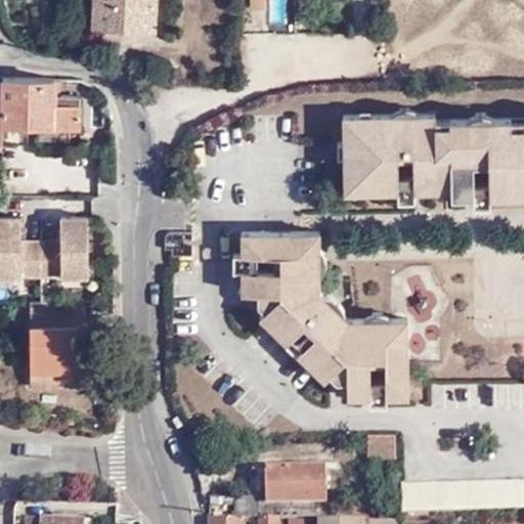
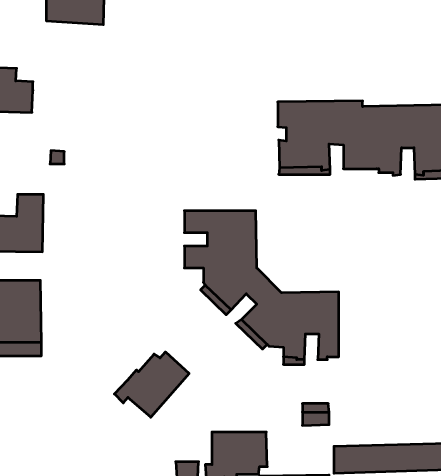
building: none -> [114,352,189,417]

